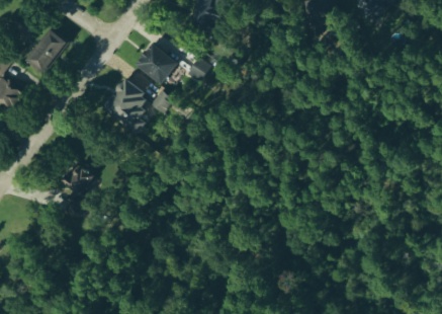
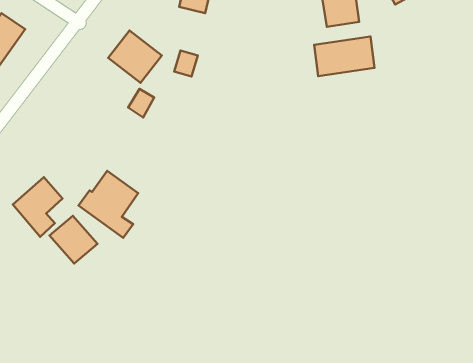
building: none -> [314,36,375,76]
building: [101,80,150,135] -> [78,171,138,238]
building: none -> [50,216,97,263]

